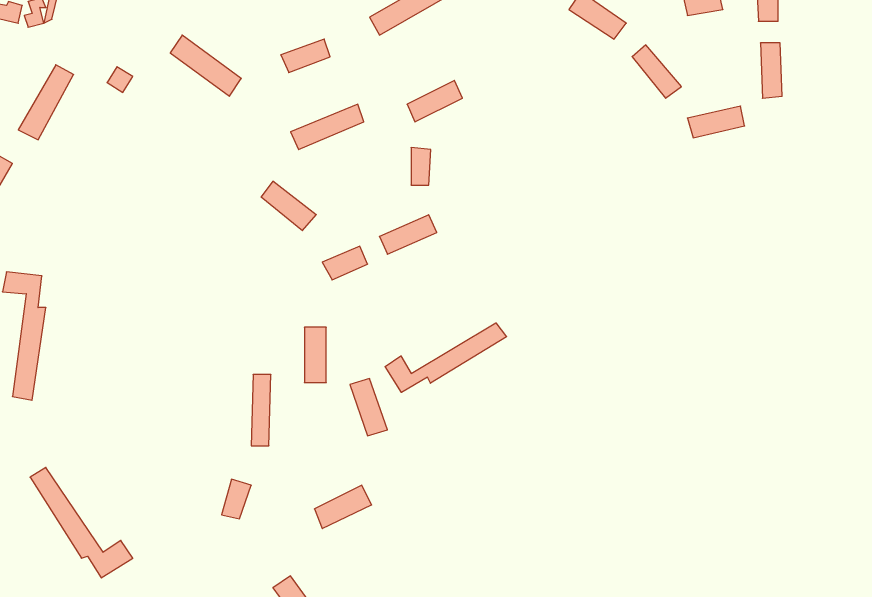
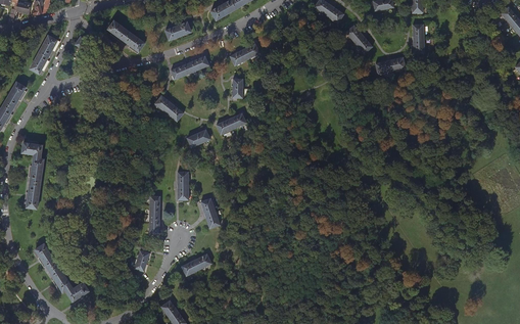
building: [385,323,507,392] -> none

